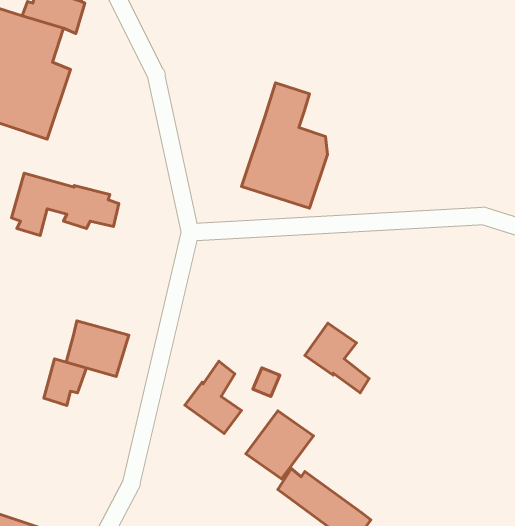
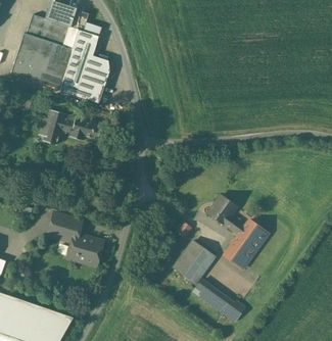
building: [242,83,327,208] -> [60,30,109,101]
building: [66,321,129,376] -> [67,233,103,264]
building: [185,361,241,434] -> none
building: none -> [225,220,267,267]

